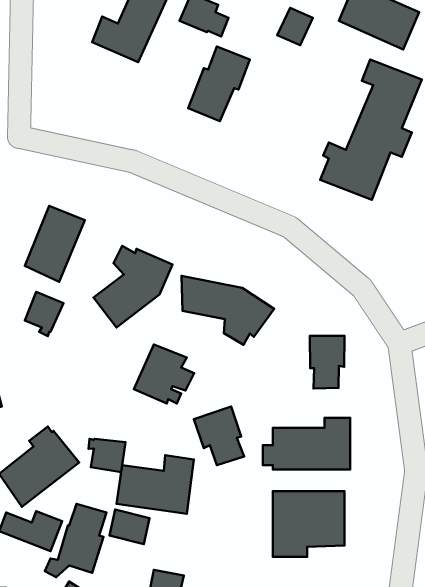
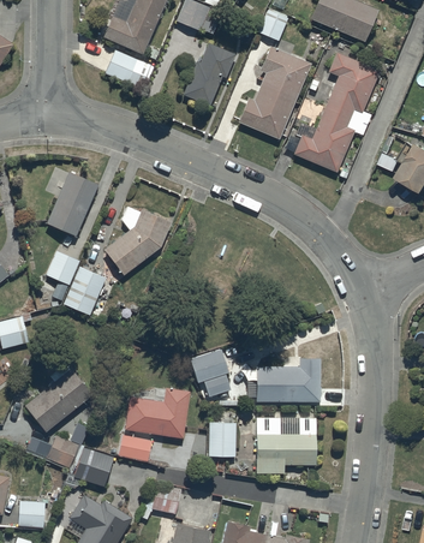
building: none -> [235,48,309,141]
building: none -> [101,50,150,91]
building: [181,276,274,345] -> none
building: [310,336,344,389] -> none
building: [134,345,194,403] -> [61,265,112,315]
building: [89,439,125,472] -> none
building: none -> [205,420,234,455]

